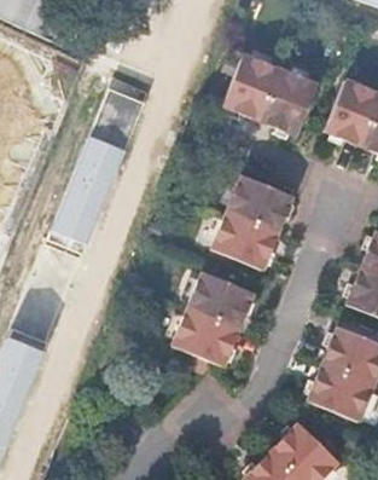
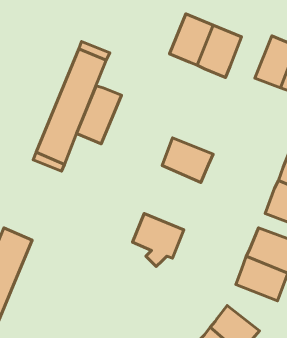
building: none -> [77,86,121,144]
building: [225,174,291,232] -> none
building: [188,271,255,329] -> none

